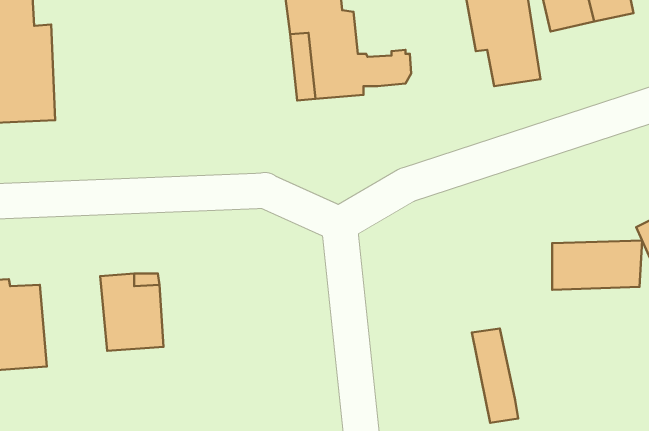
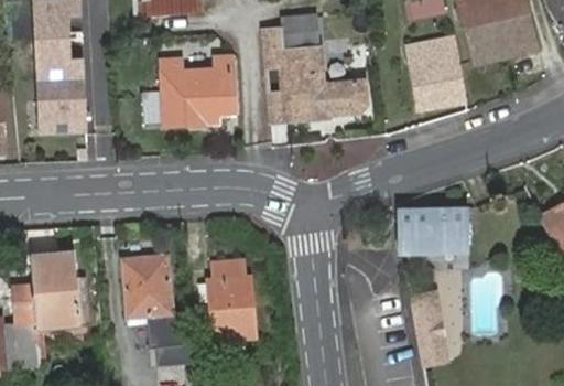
building: none -> [141,57,234,127]
building: [552,240,642,290] -> [398,211,468,249]
building: none -> [210,262,256,342]

